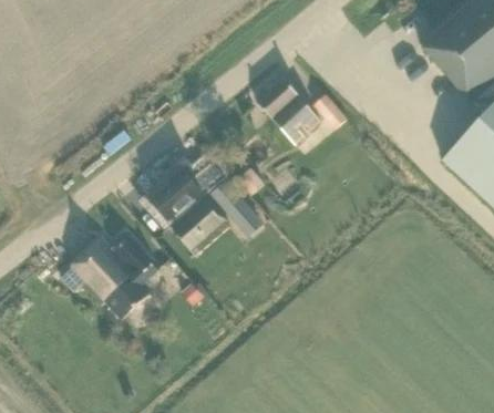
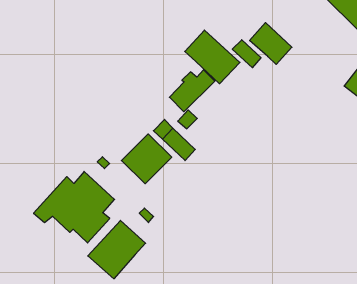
building: none -> [250,23,292,64]
building: [153,171,208,218] -> [169,70,215,112]
building: none -> [88,220,146,279]

